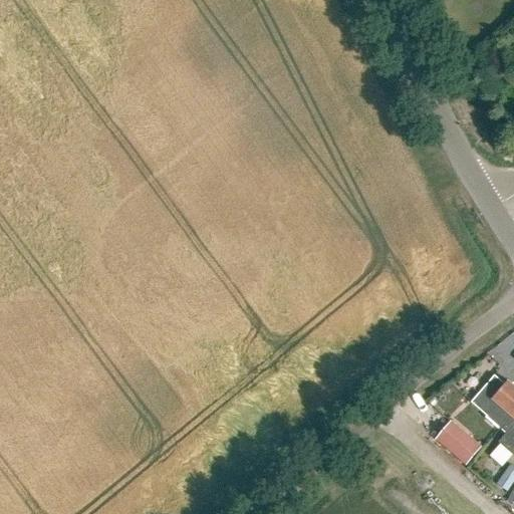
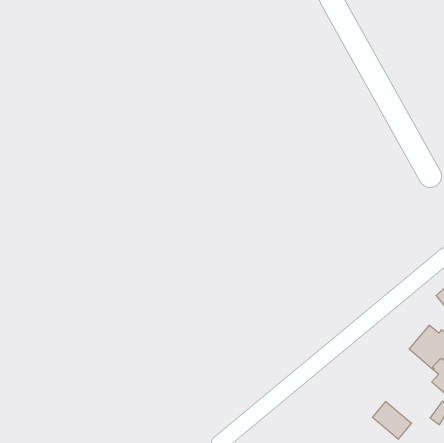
building: [440,423,485,466] -> [372,402,412,439]

